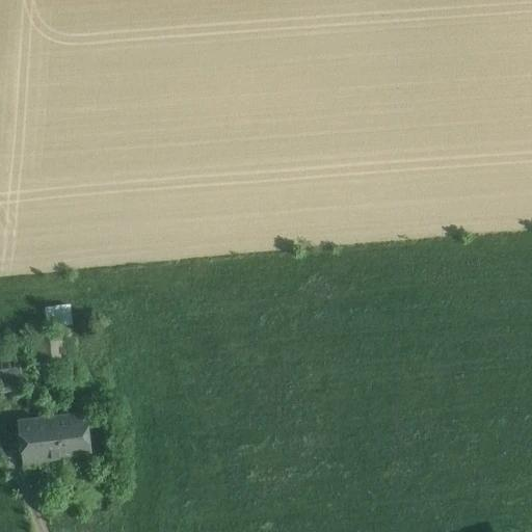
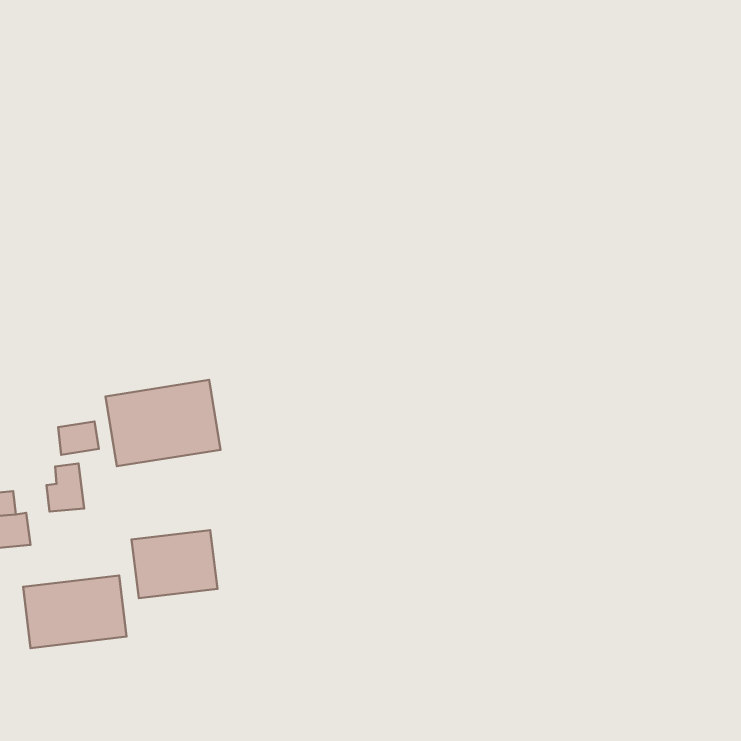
building: none -> [106,380,220,466]
building: none -> [132,530,217,598]

